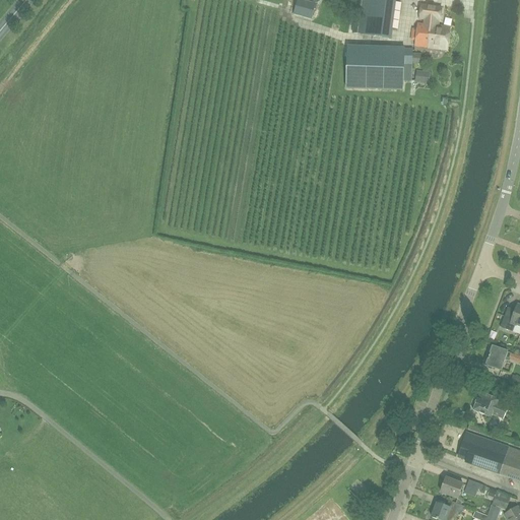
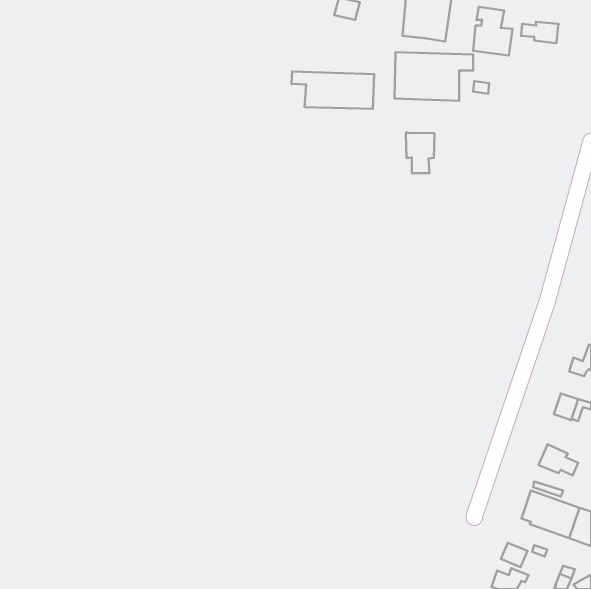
building: none -> [521,22,559,43]
building: none -> [291,72,374,109]
building: none -> [406,132,435,173]

